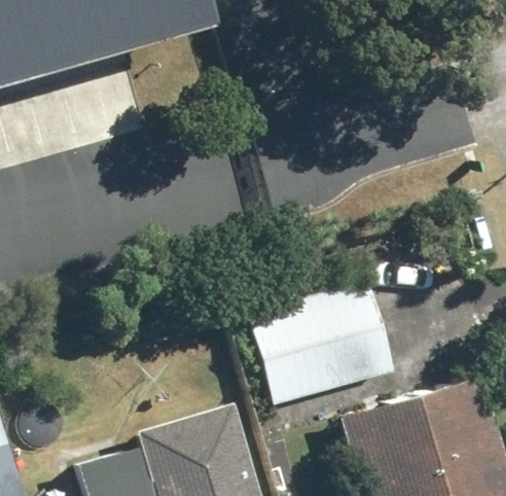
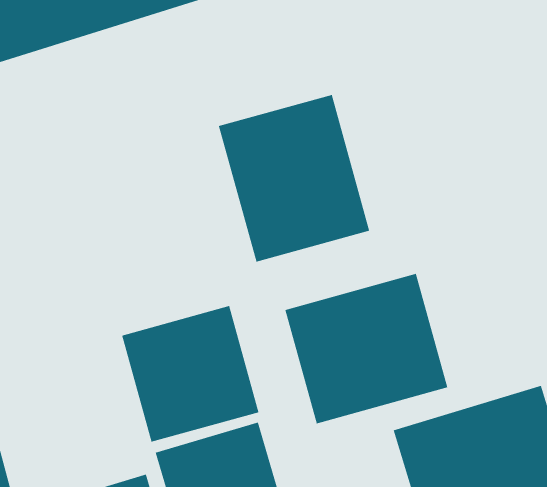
building: none -> [218,94,370,262]
building: none -> [121,305,259,443]

